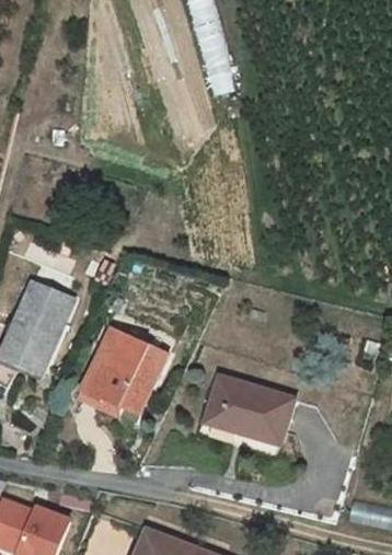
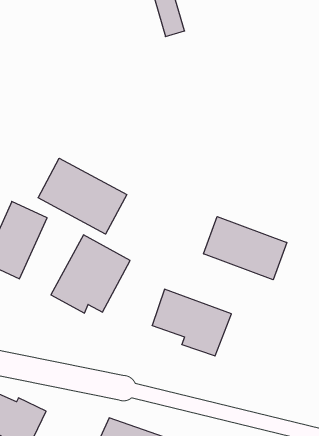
building: none -> [38,158,127,234]
building: none -> [204,217,287,280]

